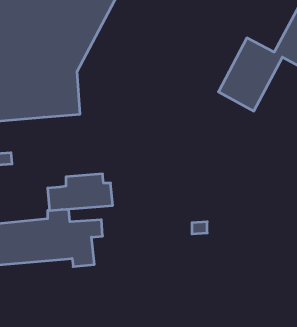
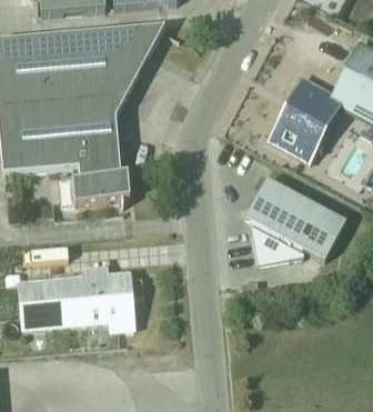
building: none -> [245,177,346,263]
building: [48,174,113,211] -> [59,162,130,202]

